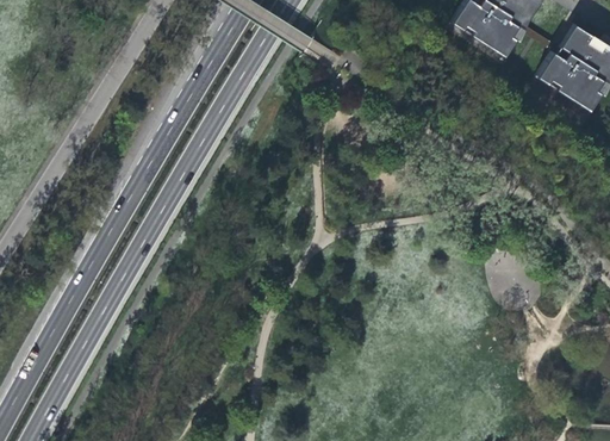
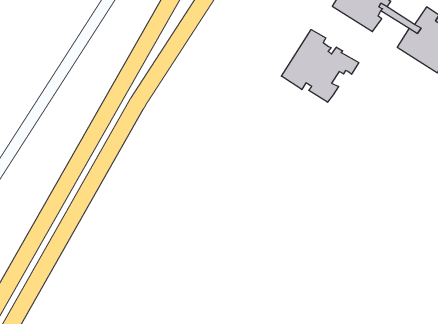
building: none -> [281,30,359,102]

